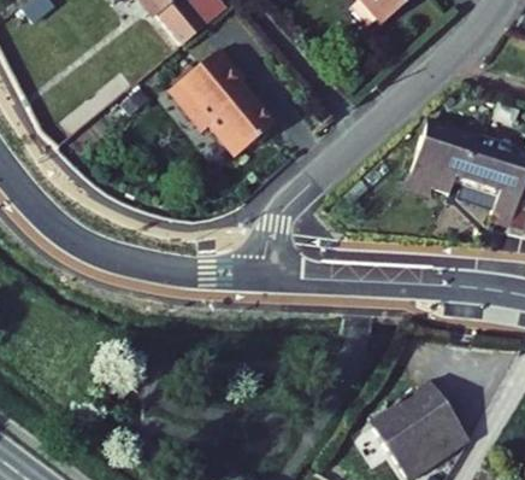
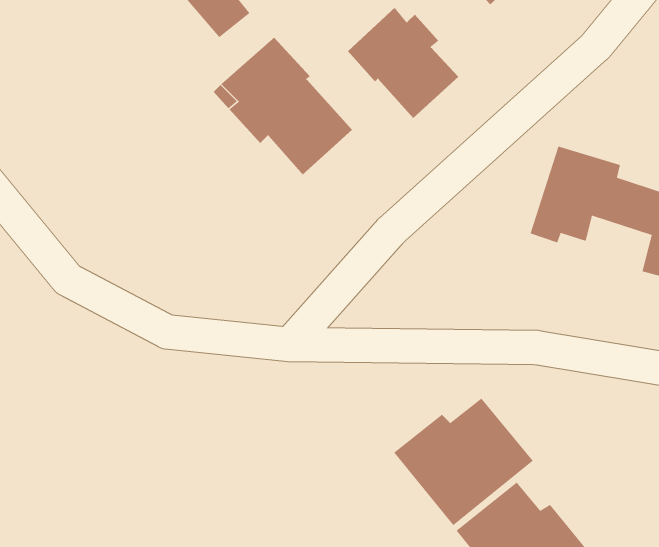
building: none -> [347,7,459,119]
building: none -> [393,397,534,526]

